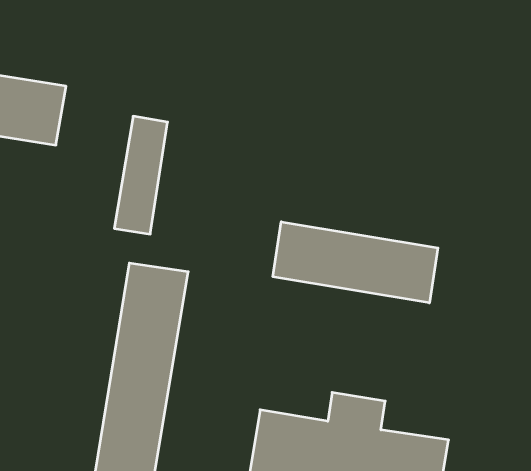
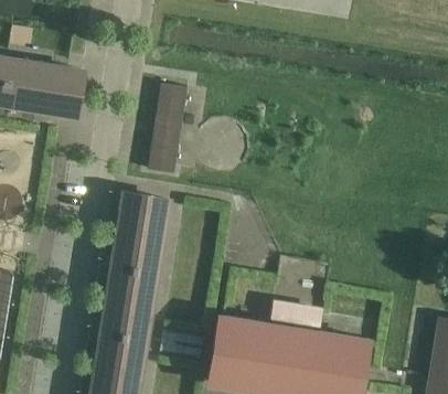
building: [114,116,168,234] -> [147,85,188,175]
building: [273,222,438,303] -> none

